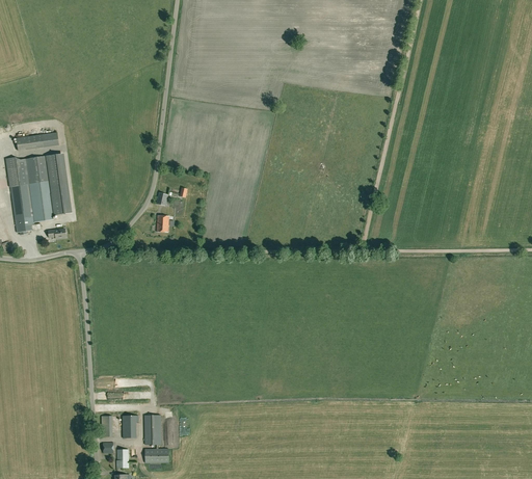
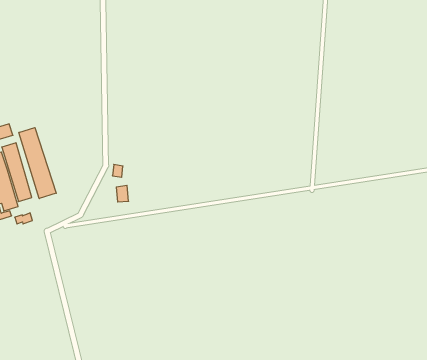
building: none -> [19,128,56,199]

